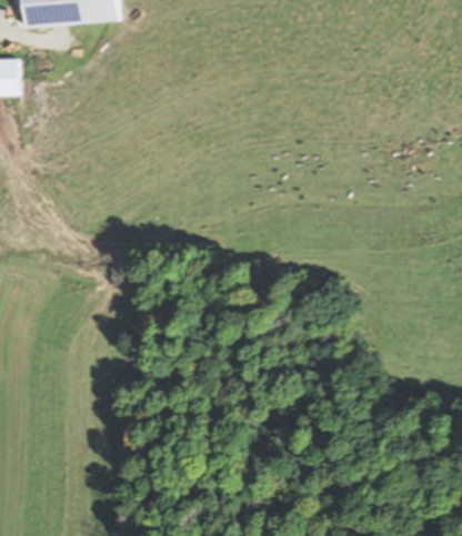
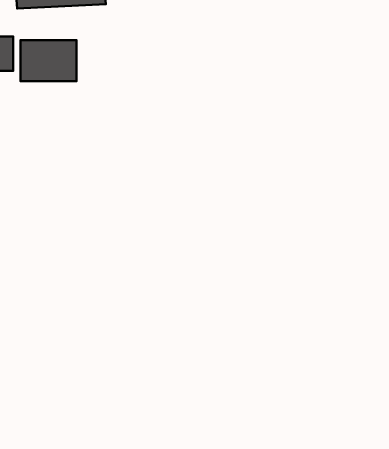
building: none -> [21,40,77,81]

